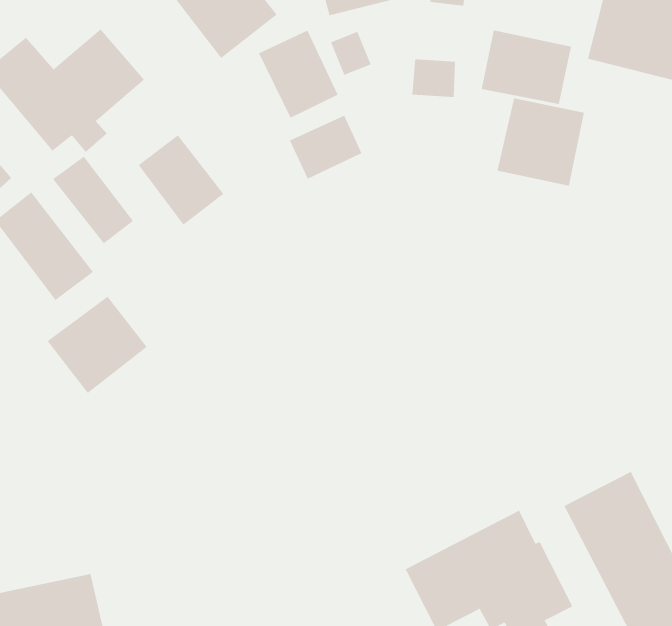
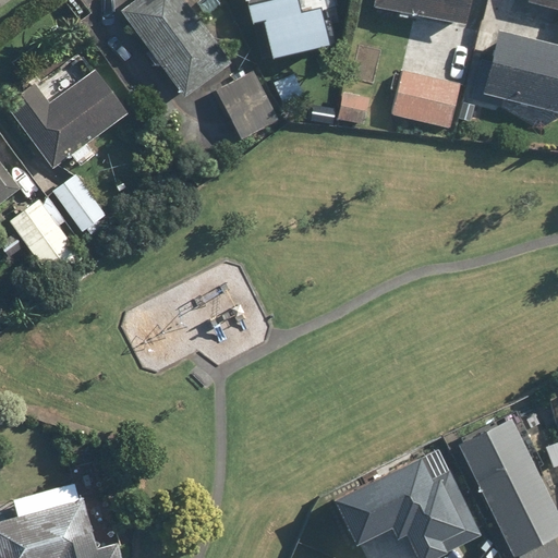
building: [497,98,585,186] -> none
building: [289,115,362,179] -> none
building: [138,135,224,225] -> none
building: [47,296,148,394] -> none

